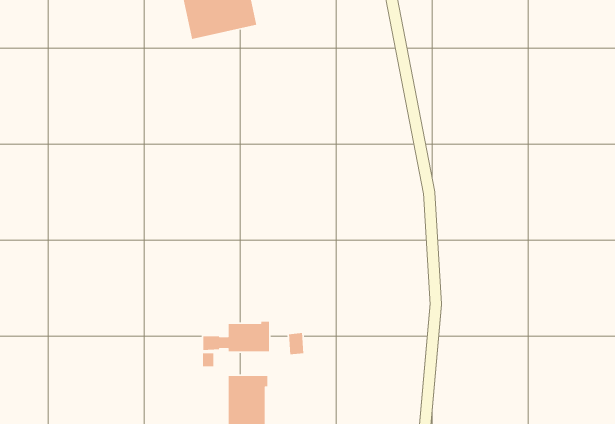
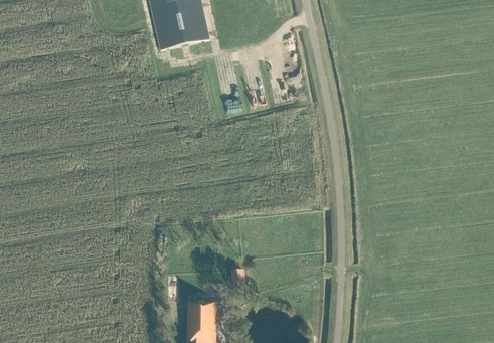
building: [202,321,270,352] -> none

